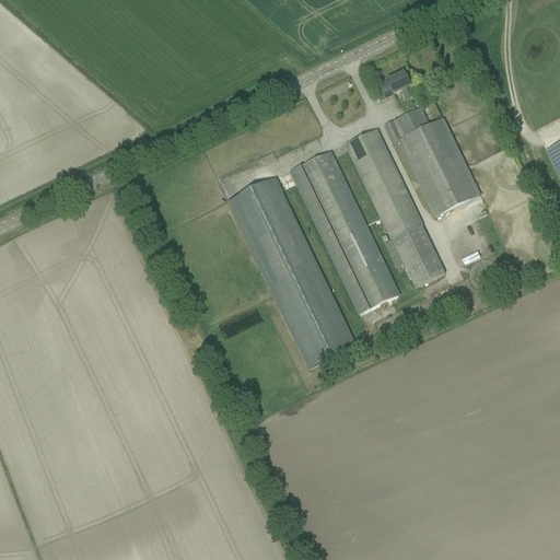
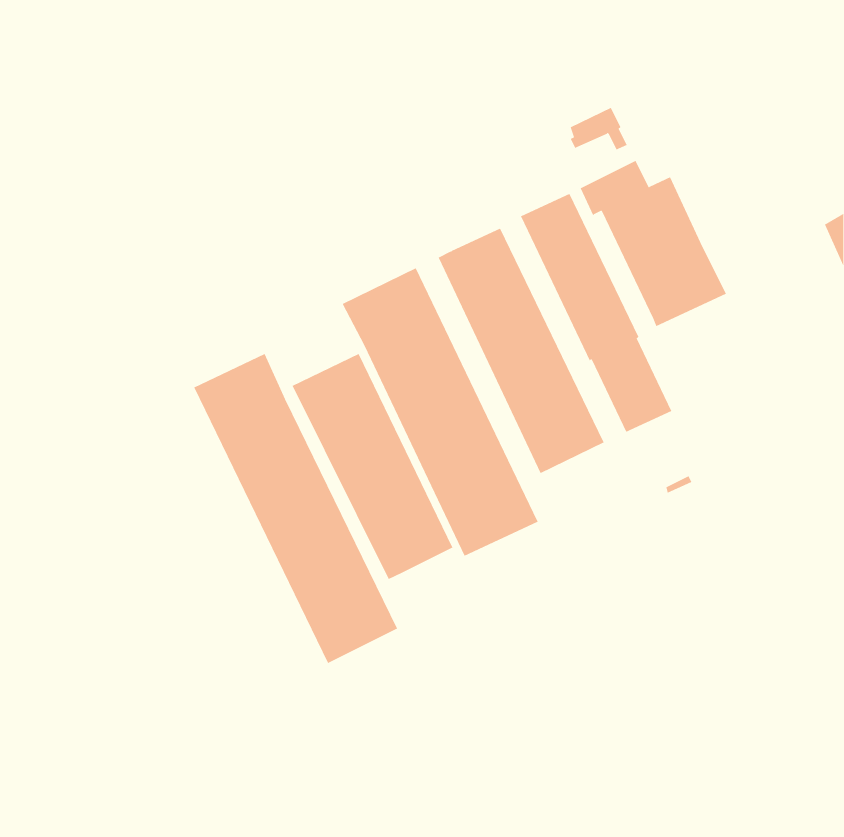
building: none -> [194,353,398,664]
building: none -> [292,353,453,580]

